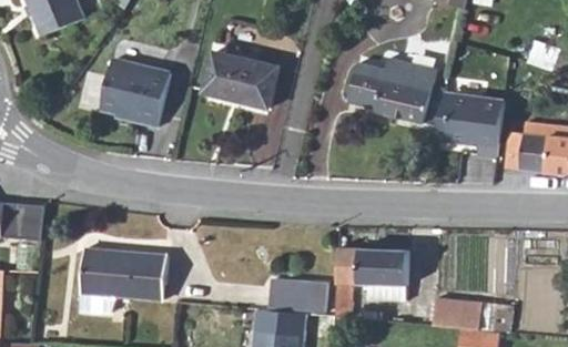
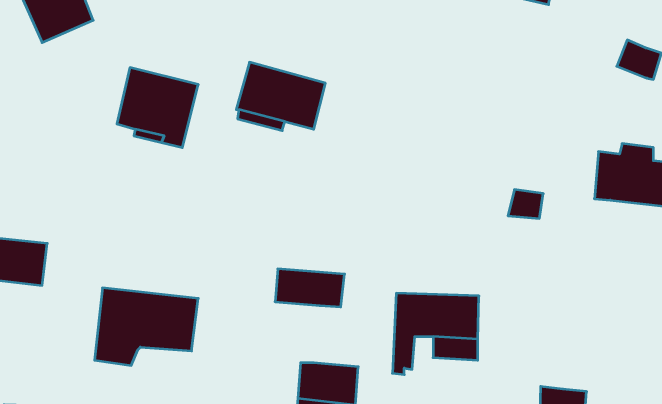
building: [349,60,435,123] -> none
building: [437,88,506,156] -> none
building: [267,279,326,312] -> [275,269,345,307]
building: [433,298,479,329] -> none

